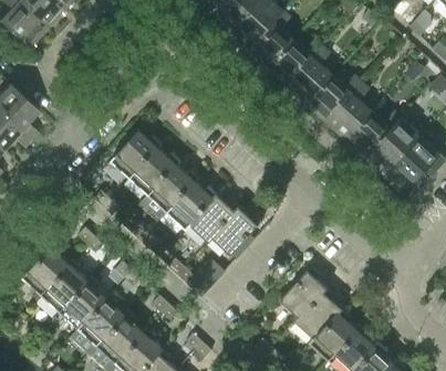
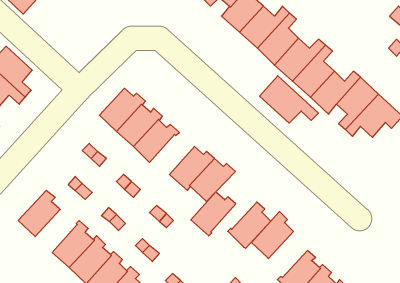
building: none -> [260,76,318,123]
building: [167,181,217,230] -> [191,192,236,236]
building: [41,258,87,311] -> none
building: [294,288,342,339] -> [228,202,271,248]

